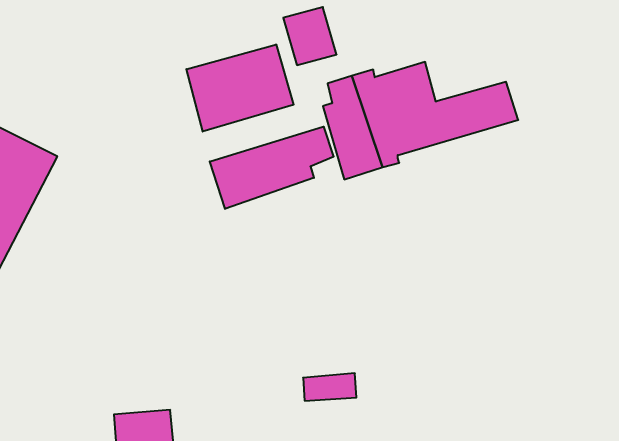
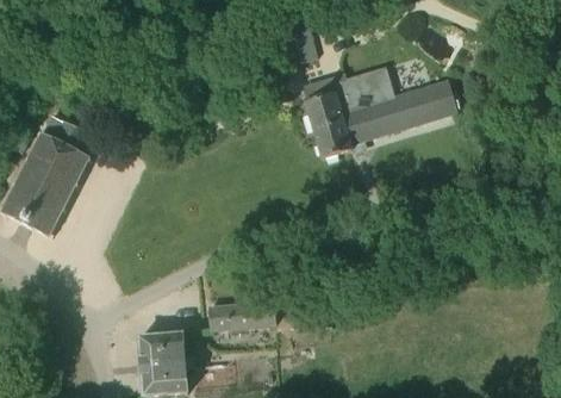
building: [186,44,294,132] -> none
building: [210,127,334,209] -> none
building: none -> [208,300,274,331]

